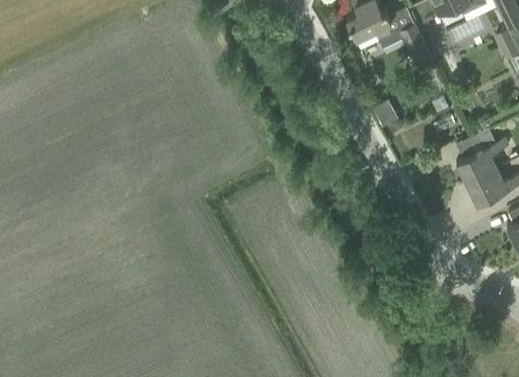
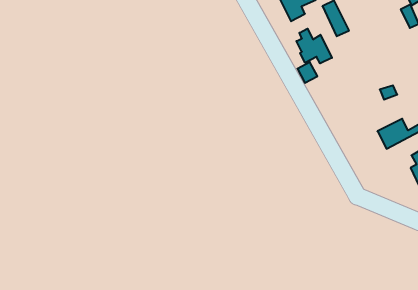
building: none -> [296,29,332,63]
building: [456,138,508,182] -> none

